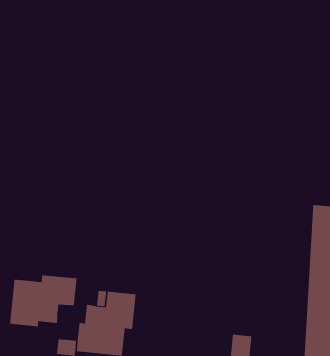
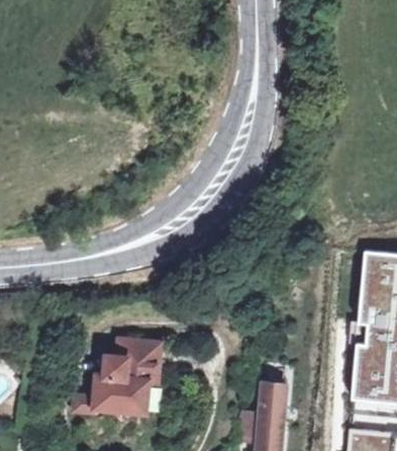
building: [10,274,77,327] -> none

